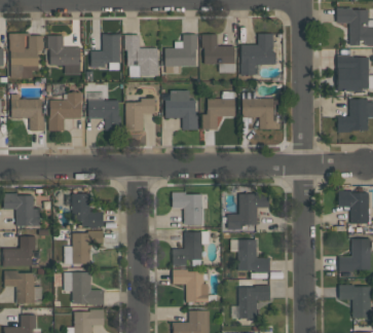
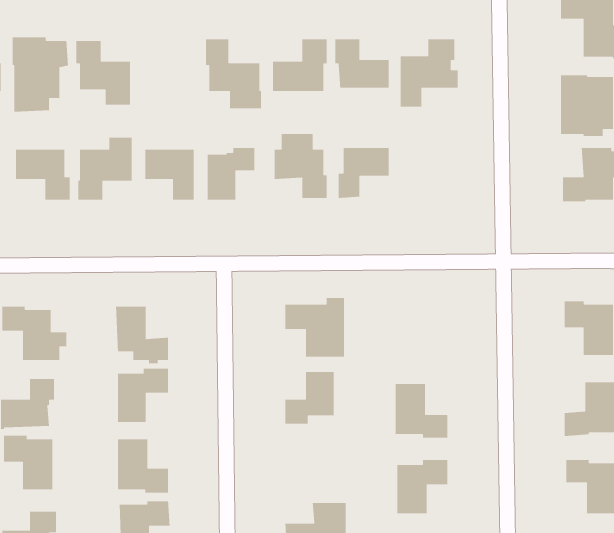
building: [91,35,121,67] -> none
building: [243,99,281,130] -> none
building: [228,193,269,229] -> none
building: [173,269,209,302] -> none

